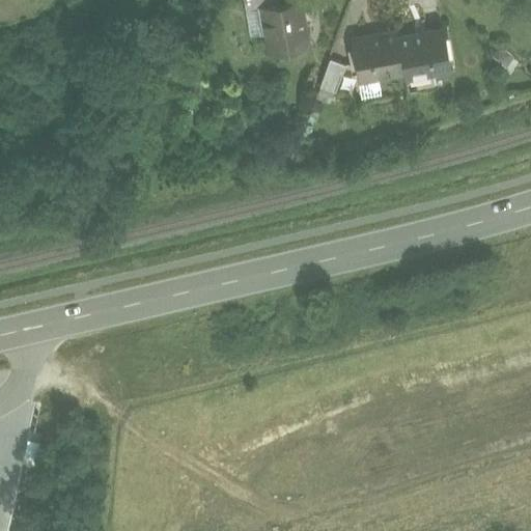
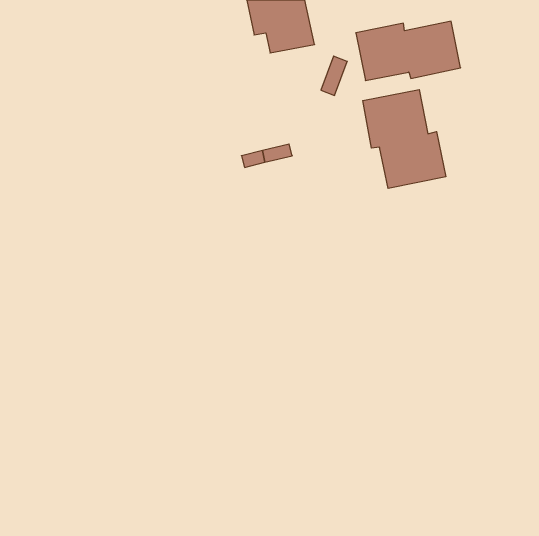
building: none -> [363,90,446,188]

